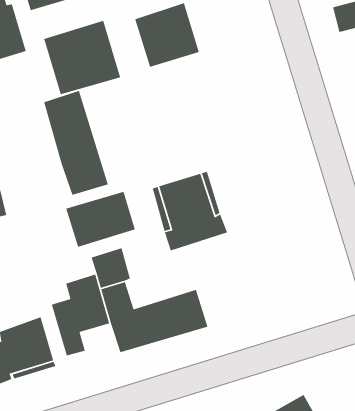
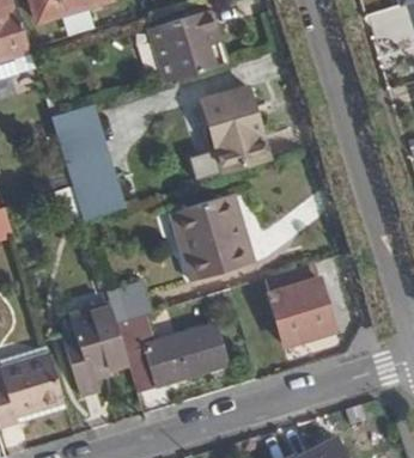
building: [43,20,121,95] -> none
building: none -> [203,90,264,167]
building: [65,191,136,248] -> none
building: none -> [264,259,336,342]

